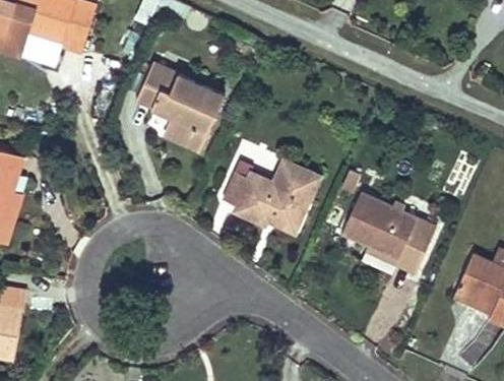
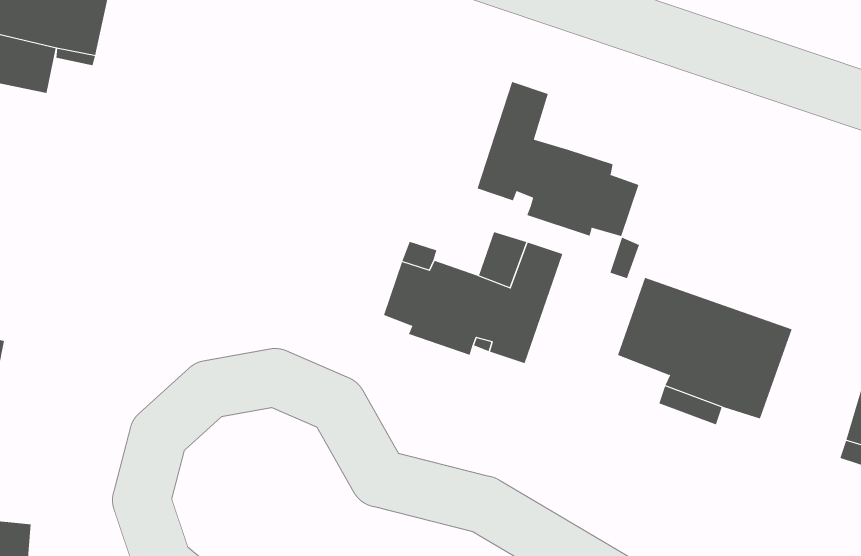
building: [137,64,225,150] -> none
building: none -> [477,81,639,237]

